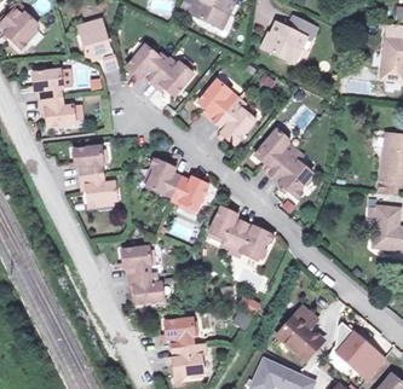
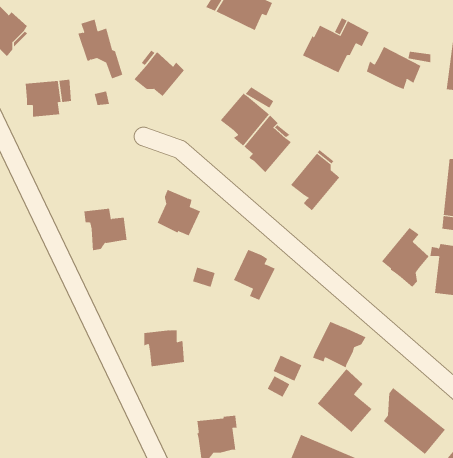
building: none -> [366,46,421,90]
building: [148,58,191,97] -> none
building: [40,97,76,126] -> none
building: [75,146,105,176] -> none
building: [271,149,311,198] -> [381,227,430,287]
building: [169,176,206,210] -> none
building: [226,223,271,262] -> [312,321,367,368]
building: [123,246,154,277] -> none
building: [167,319,198,349] -> none

